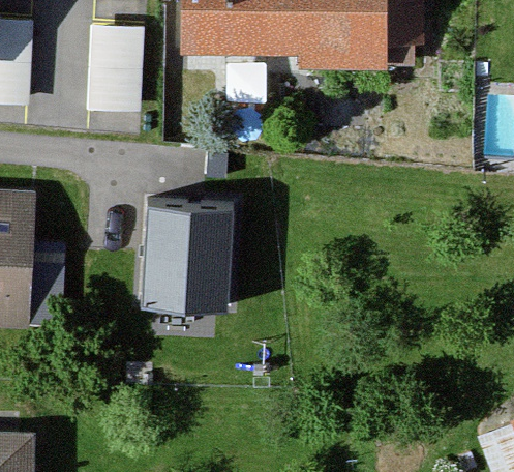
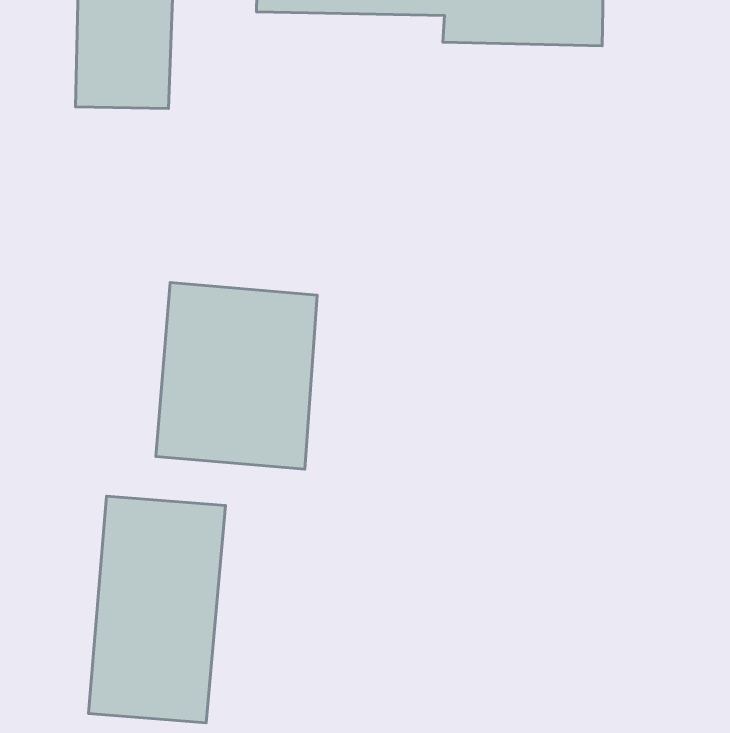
building: none -> [88,496,226,723]

